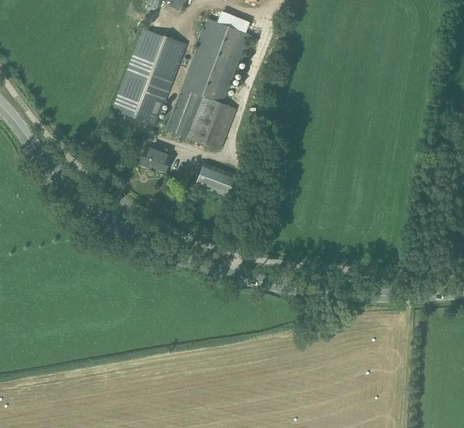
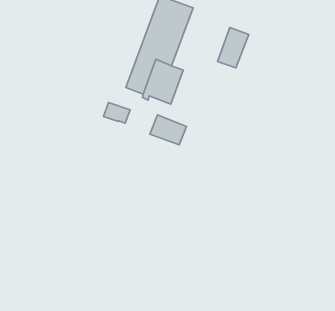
building: [113,29,185,126] -> none
building: none -> [218,28,249,68]

